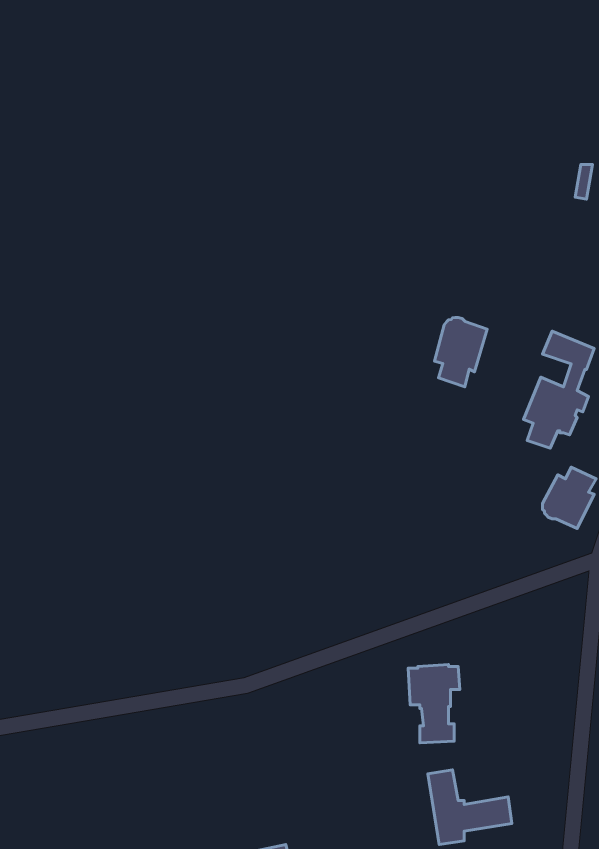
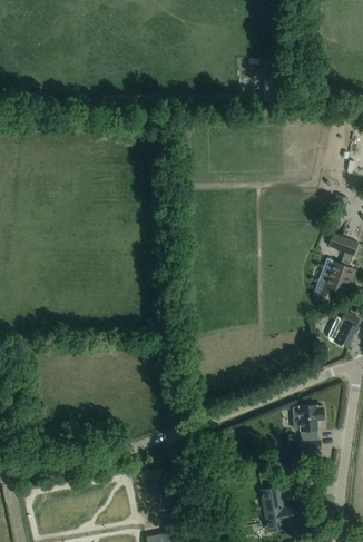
building: [434,317,487,387] -> none
building: [408,664,460,743] -> [293,405,323,451]

